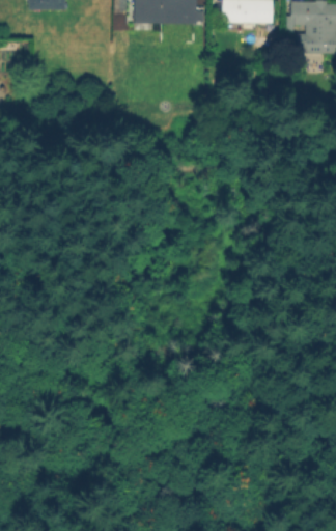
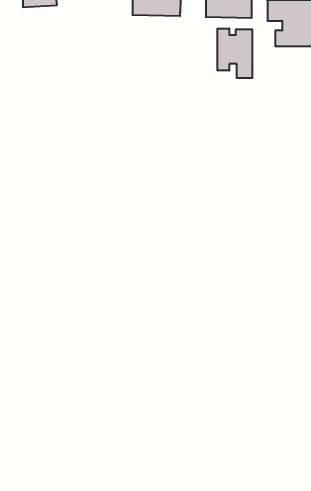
building: none -> [218,28,252,78]

